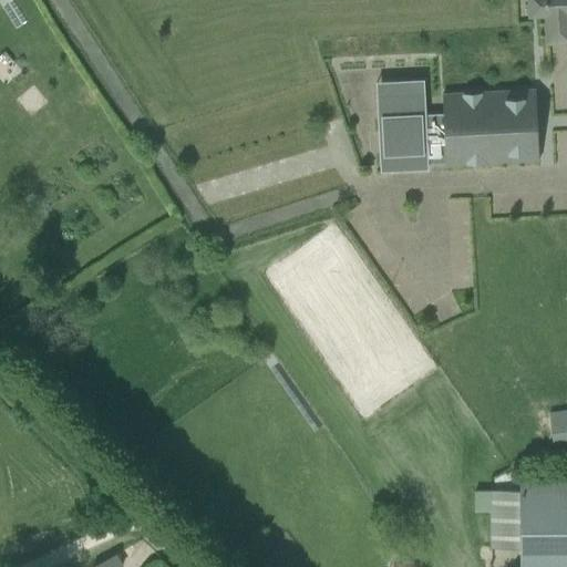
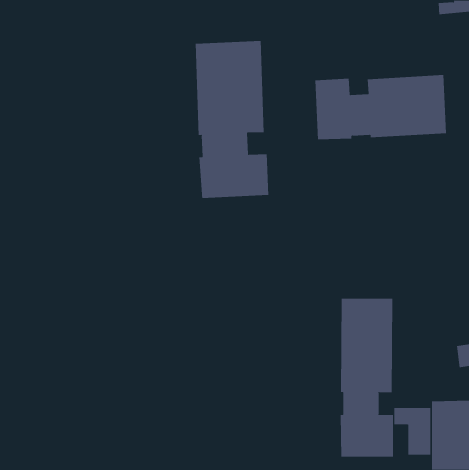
building: none -> [195,40,269,199]
building: none -> [340,298,394,457]

